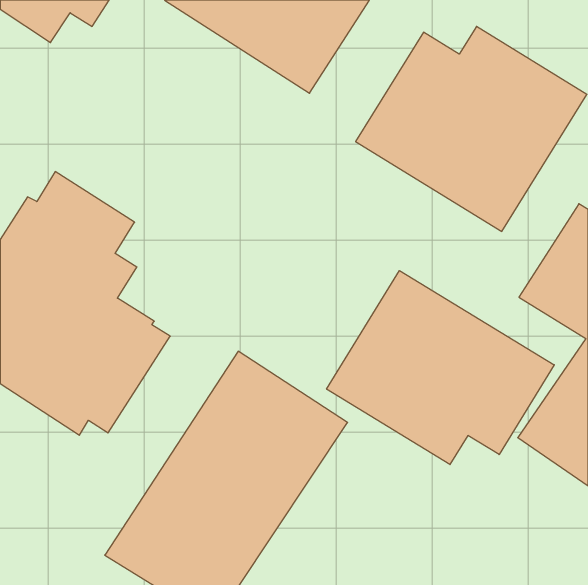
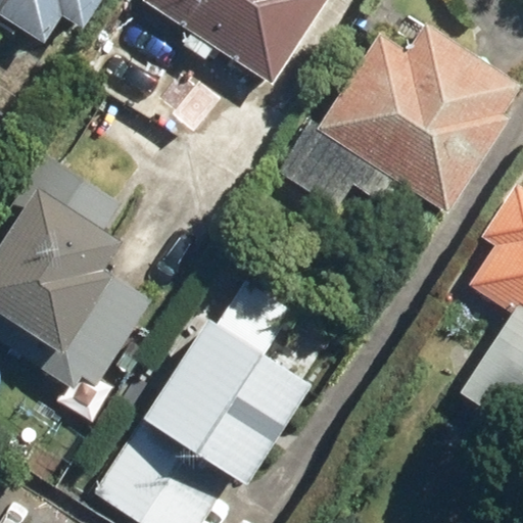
building: [327,271,554,465] -> none

